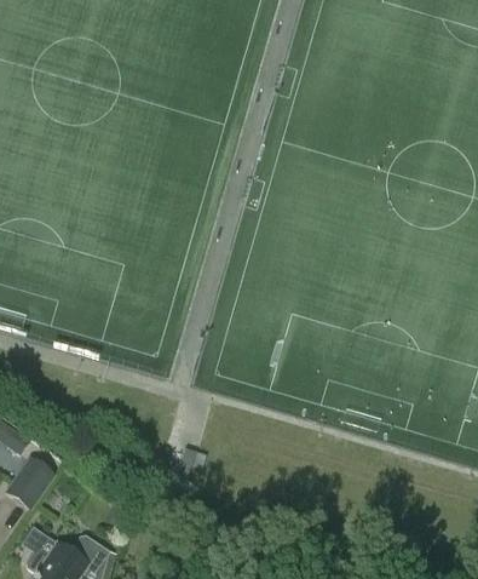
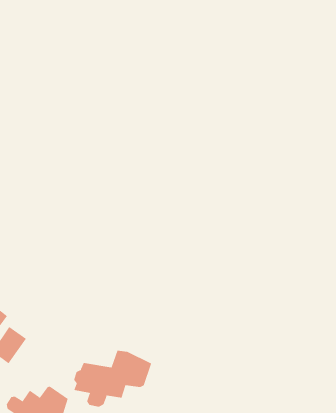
building: none -> [74,350,152,407]

